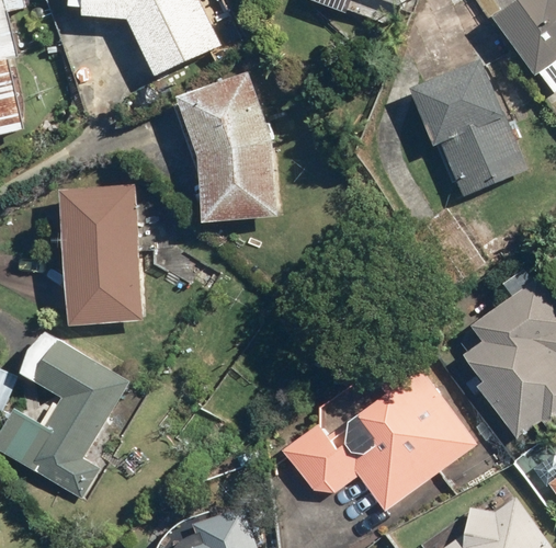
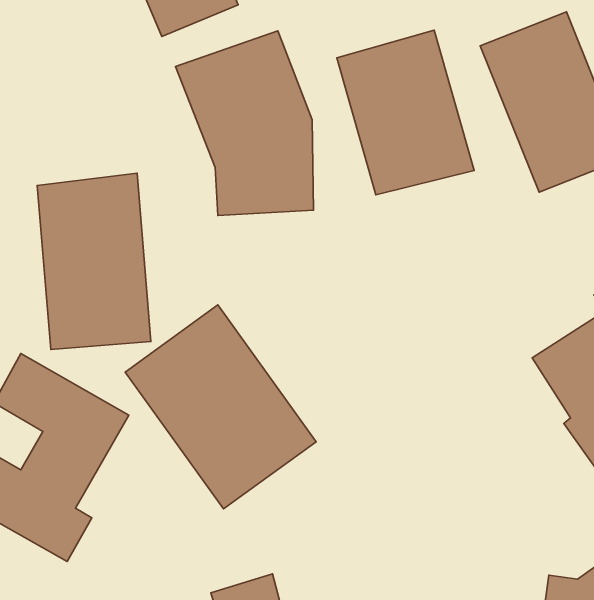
building: none -> [337,30,474,195]
building: none -> [125,305,316,509]
building: [282,345,477,513] -> none

